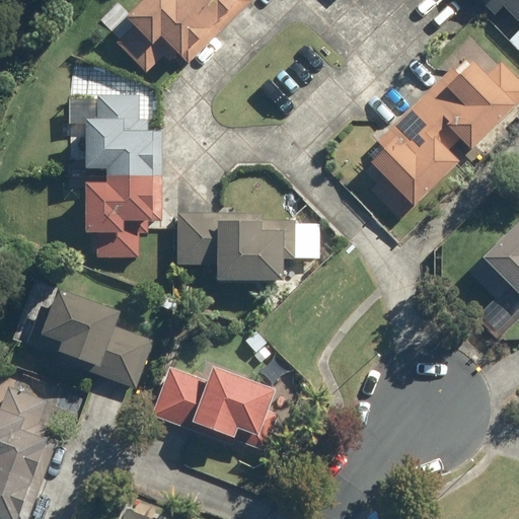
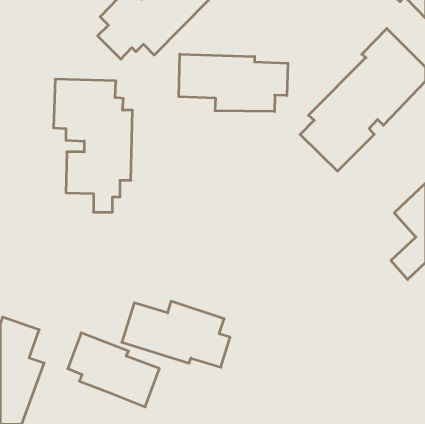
building: none -> [179,54,288,112]
building: [174,211,295,286] -> none
building: [42,296,153,386] -> [68,333,159,407]

